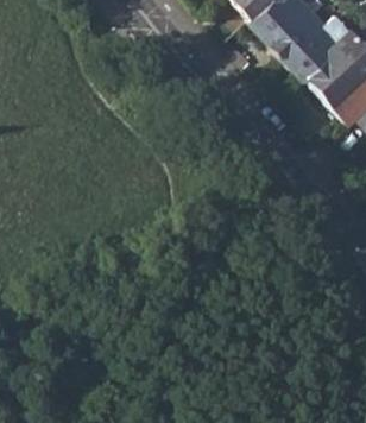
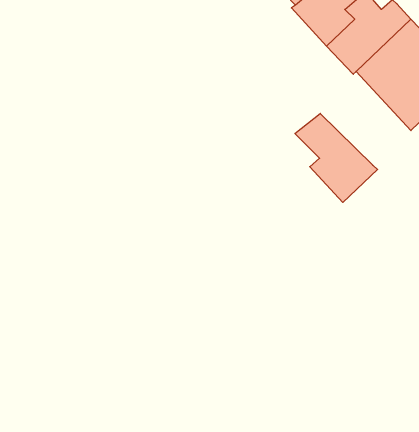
building: none -> [295,113,378,202]

